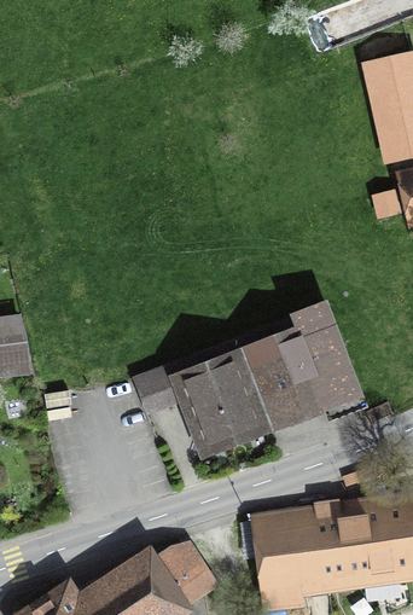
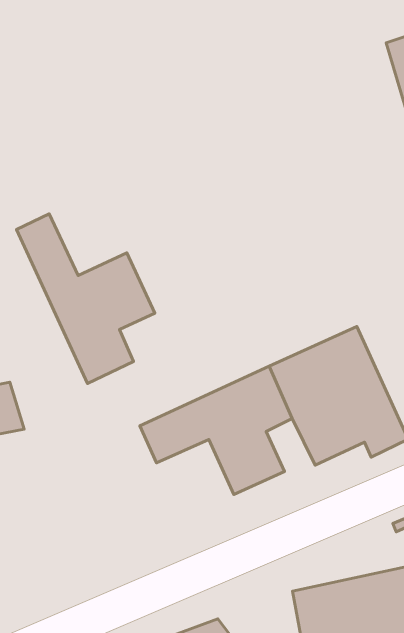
building: none -> [17,214,155,383]

